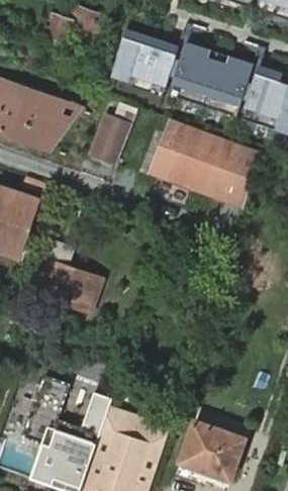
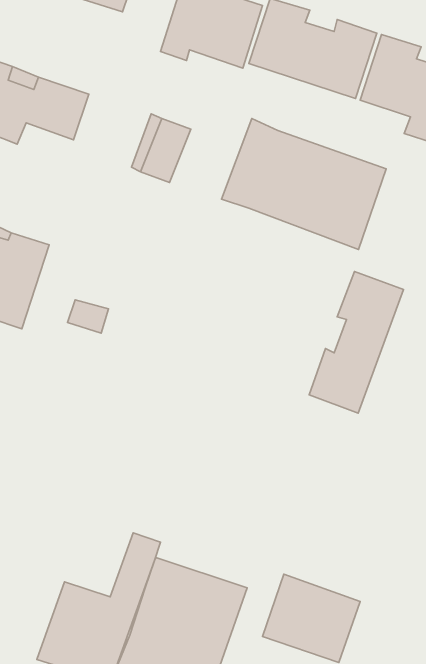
building: none -> [309,271,404,413]
building: [35,265,99,313] -> none

